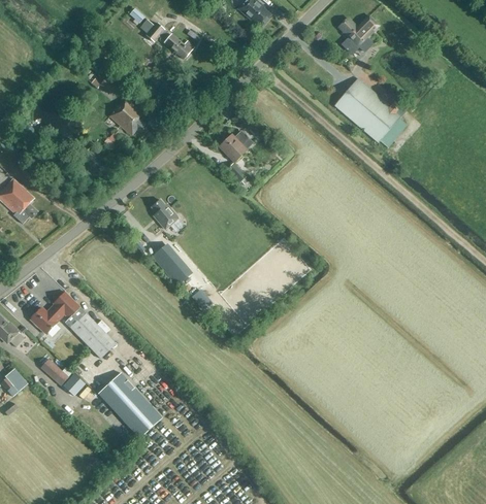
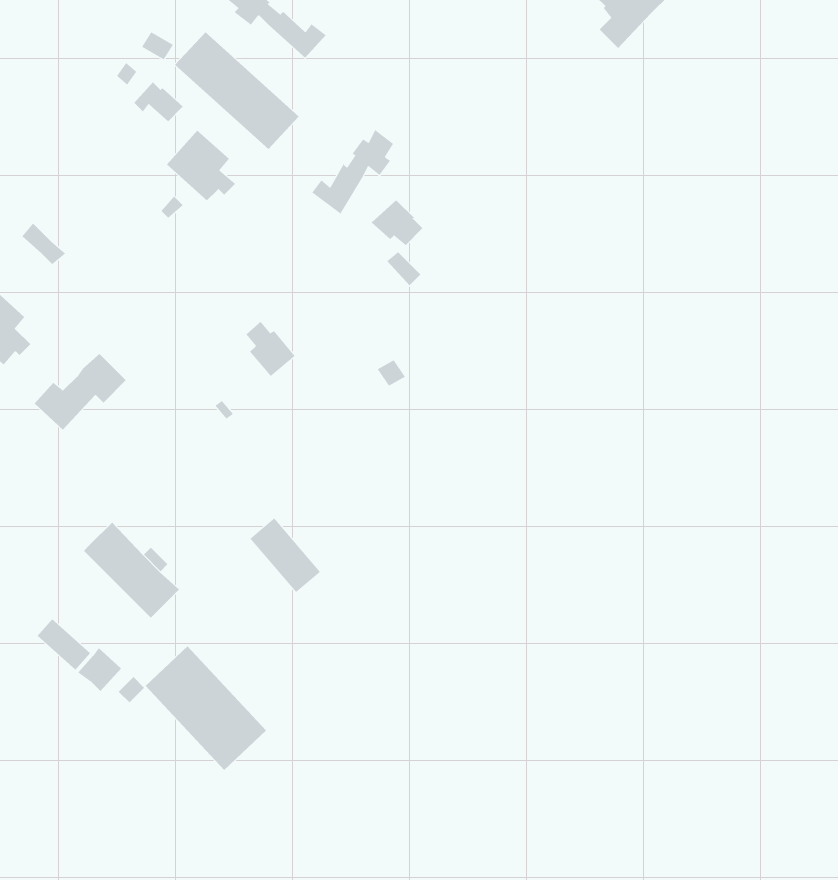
building: none -> [174,31,300,150]
building: [334,77,407,147] -> none
building: none -> [311,129,394,215]
building: [152,244,190,284] -> [250,518,321,593]
building: [30,292,79,333] -> [34,353,127,430]

